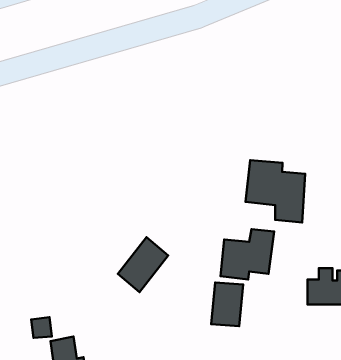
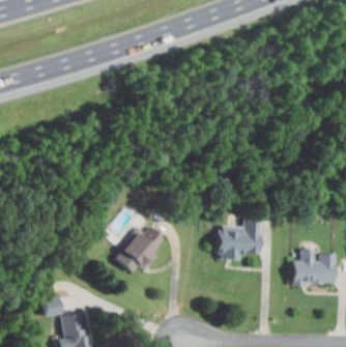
building: [246,160,305,222] -> none
building: [211,283,243,326] -> none

